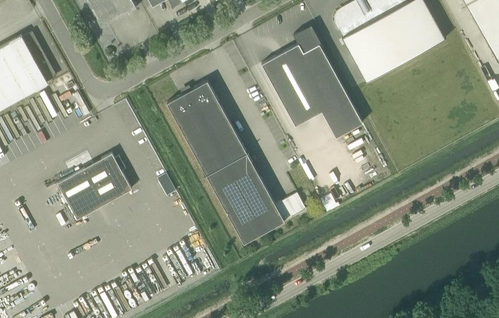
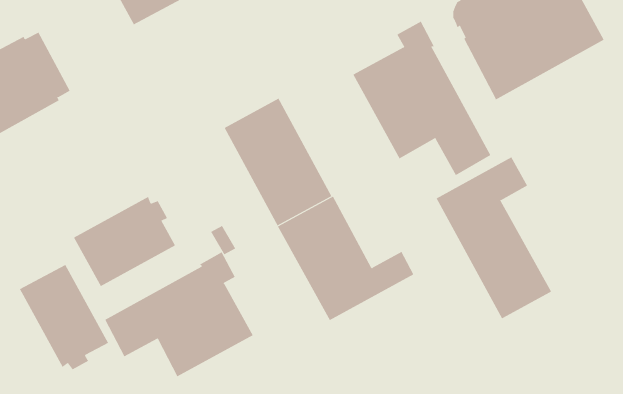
building: none -> [436,157,554,321]
building: none -> [104,252,253,377]
building: none -> [19,264,109,370]

